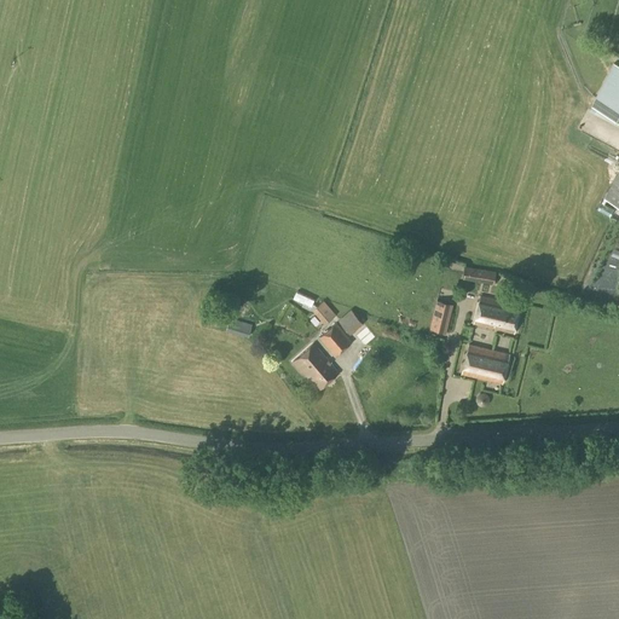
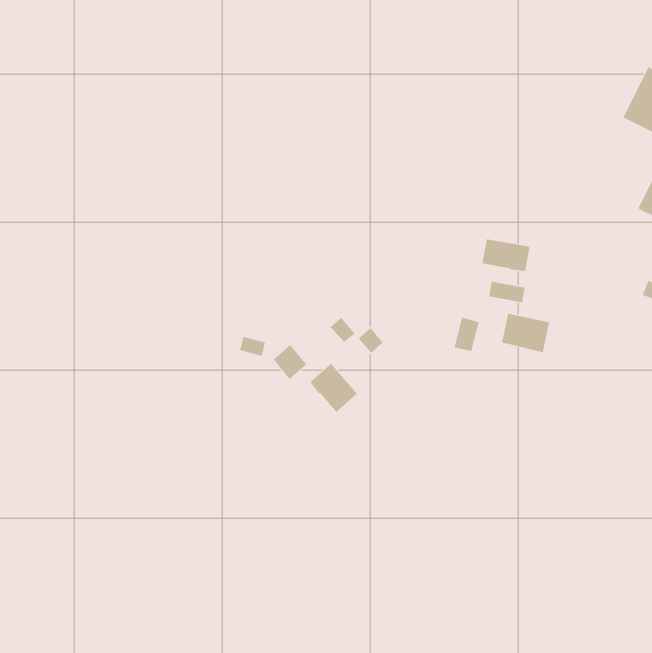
building: none -> [482,238,530,272]
building: [320,323,353,357] -> [273,344,307,380]
building: [463,345,510,383] -> none

